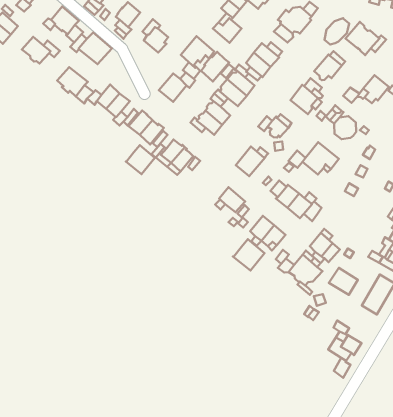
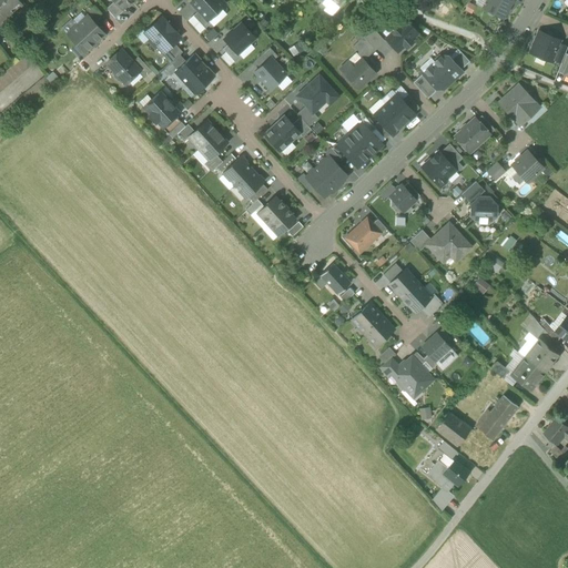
building: [325,18,349,44] -> none
building: [201,52,229,82] -> none
building: [126,145,155,174] -> none
building: [233,239,264,270] -> none
building: [329,268,358,295] -> [435,412,470,446]

